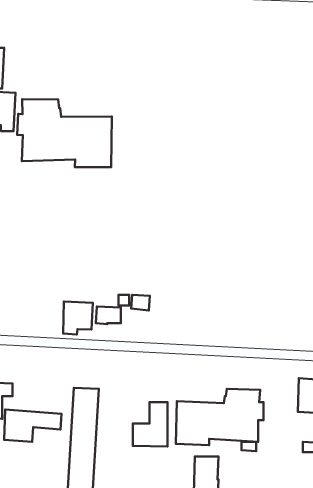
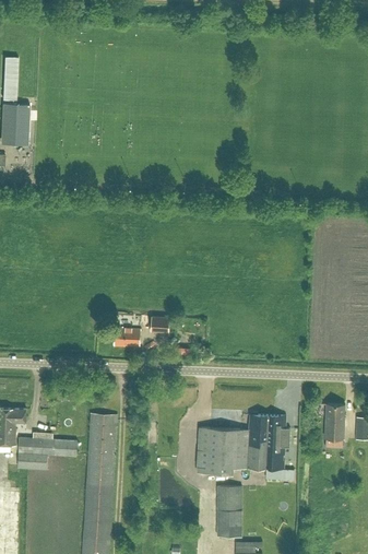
building: [17,99,112,167] -> none
building: [63,302,93,334] -> none
building: [133,402,167,447] -> none

